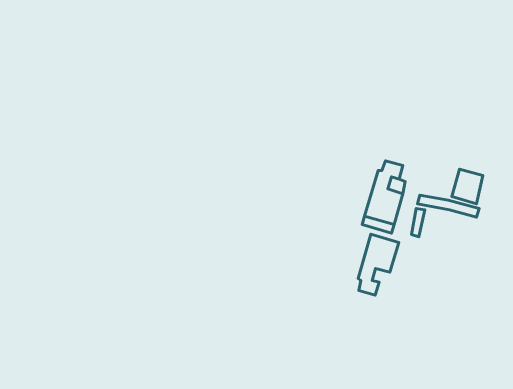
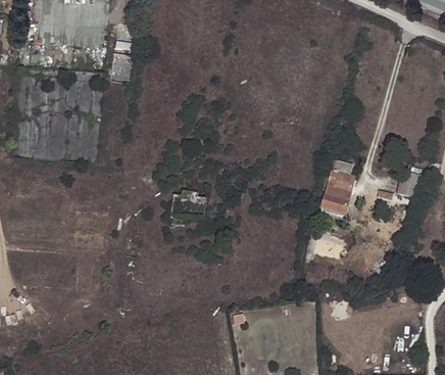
building: [358,234,399,295] -> none

